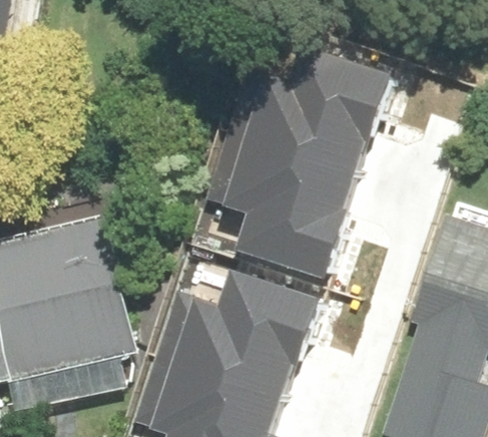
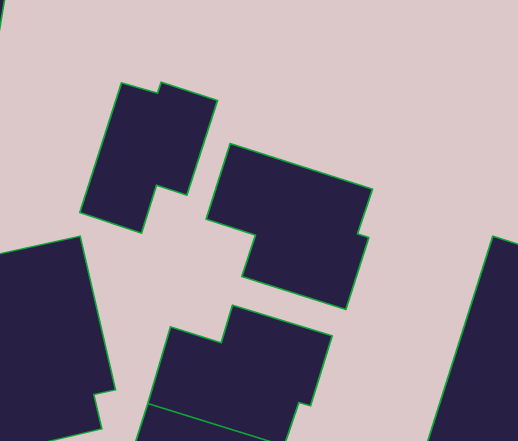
building: [226,49,392,175] -> none
building: none -> [80,82,218,233]

